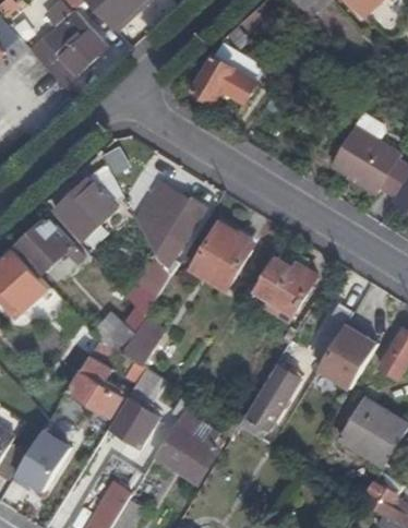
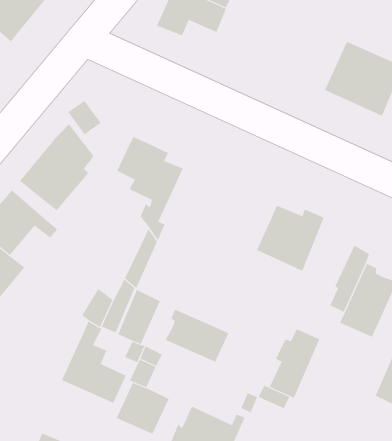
building: [191,223,254,289] -> none
building: none -> [165,309,229,363]

